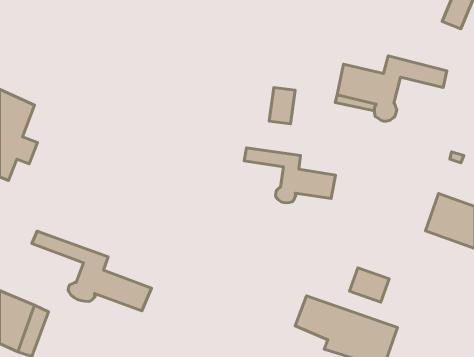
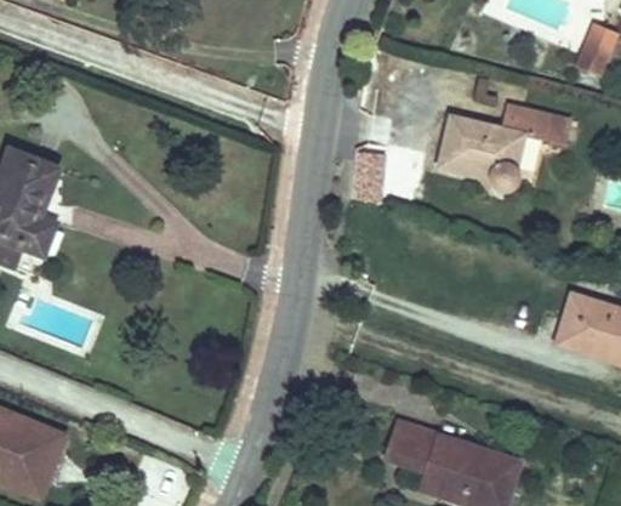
building: [244,148,335,203] -> none
building: [32,231,151,311] -> none
building: [349,268,389,302] -> none

